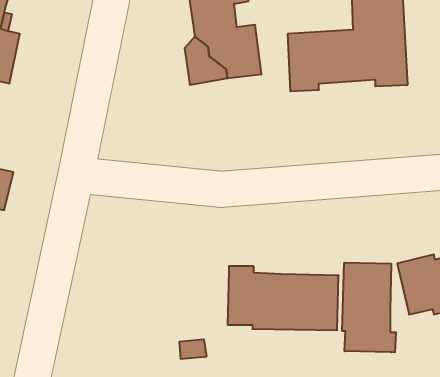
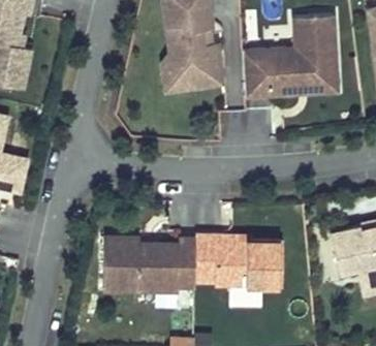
building: [342,263,396,352] -> none
building: none -> [102,235,196,289]

